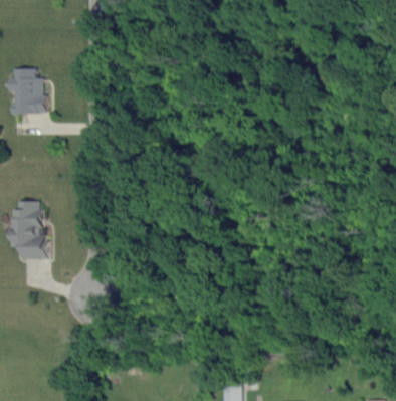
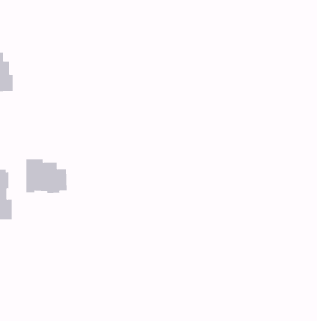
building: none -> [26,158,67,194]

